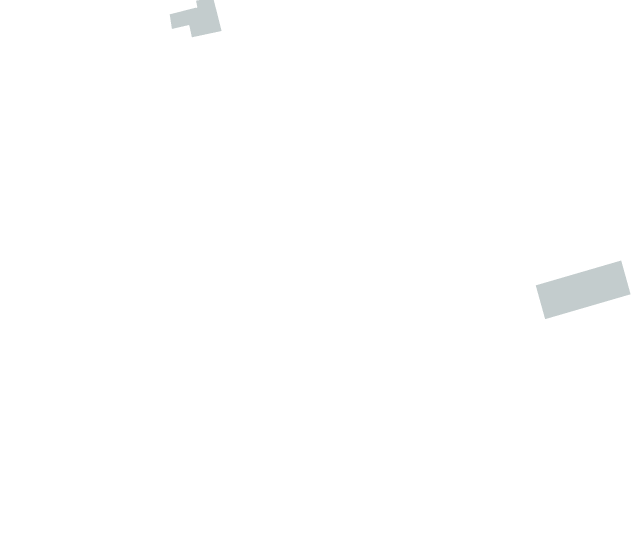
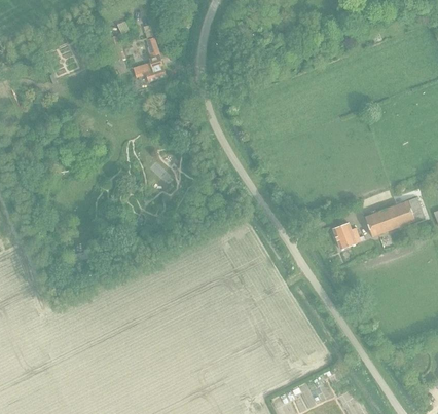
building: none -> [332,222,360,249]

